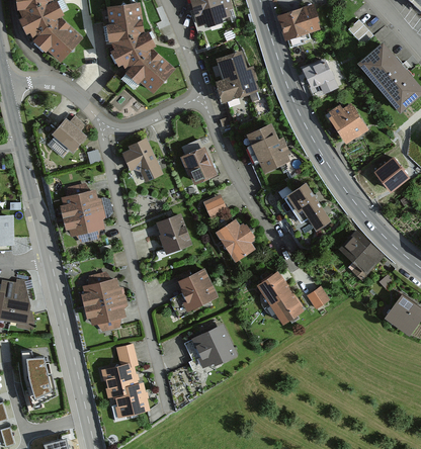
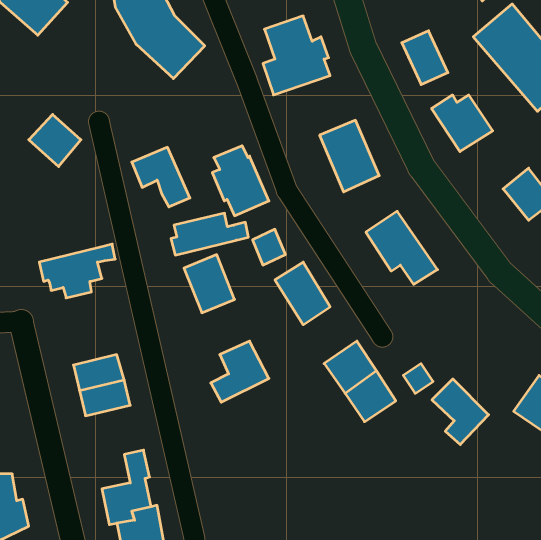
building: [57,189,109,217] -> [171,213,248,255]
building: [343,233,382,277] -> [432,379,489,445]
building: [192,324,236,367] -> none

